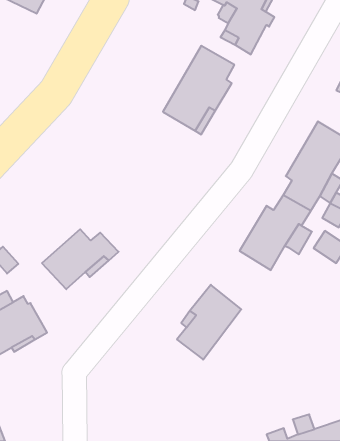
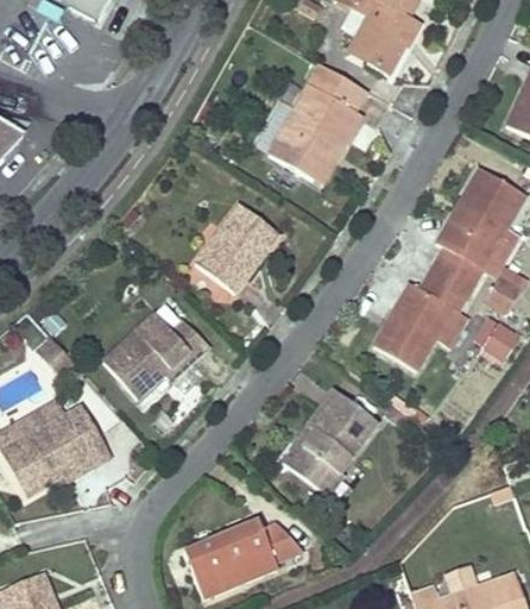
building: none -> [195,203,278,291]
building: none -> [184,520,302,598]

